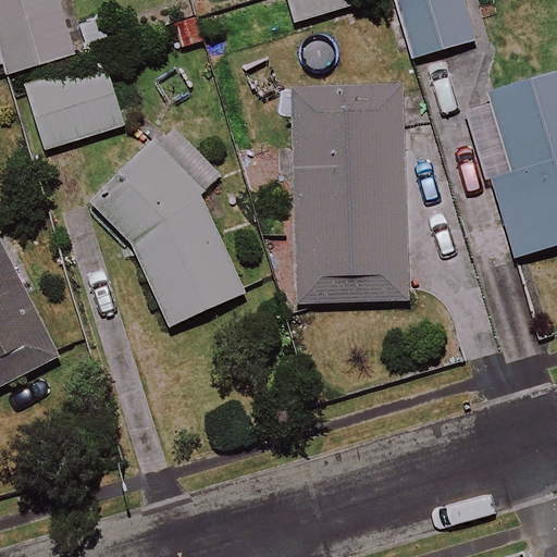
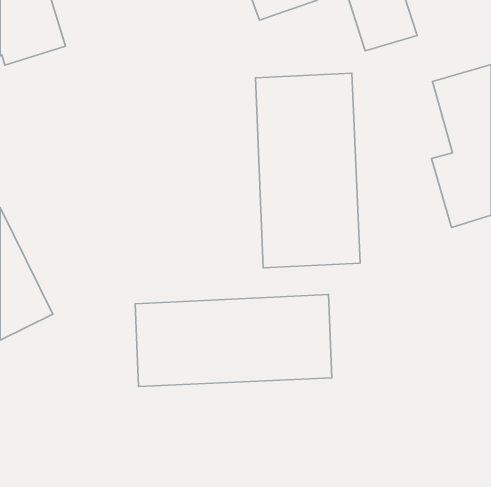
building: [23,61,122,149] -> none
building: [91,122,238,327] -> none
building: none -> [135,294,332,387]

